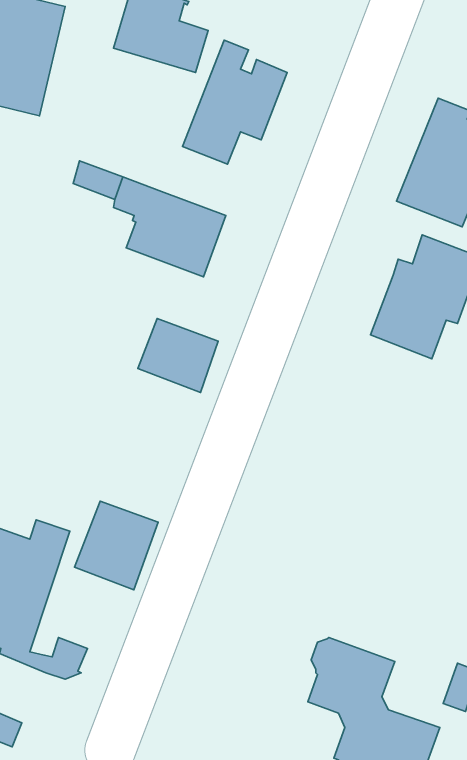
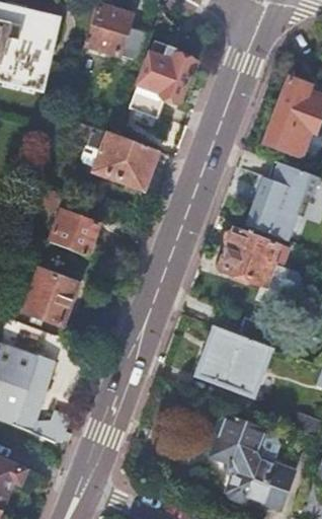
building: [138,318,218,393] -> [49,209,99,255]
building: none -> [221,227,300,306]
building: none -> [196,326,272,396]
building: [74,501,158,590] -> [24,270,77,325]

